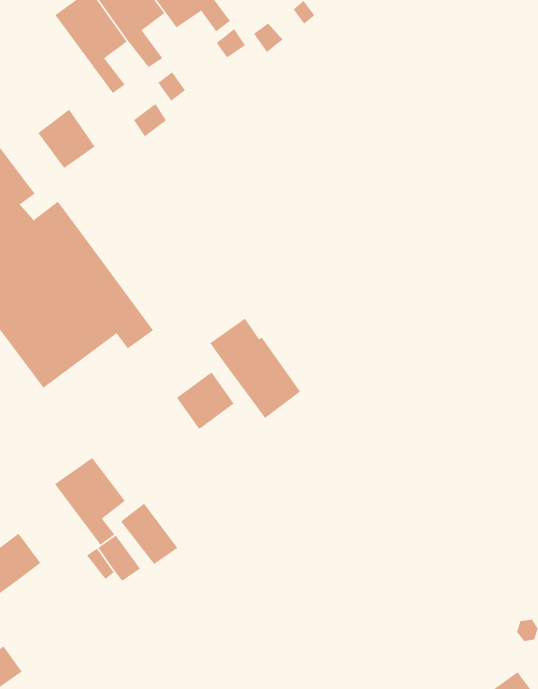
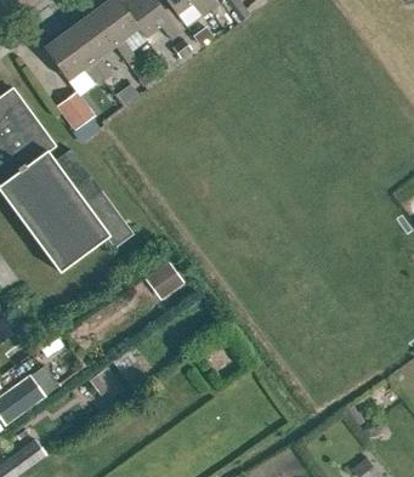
building: none -> [44,29,104,86]
building: [210,318,301,419] -> none
building: [54,457,125,546] -> none

